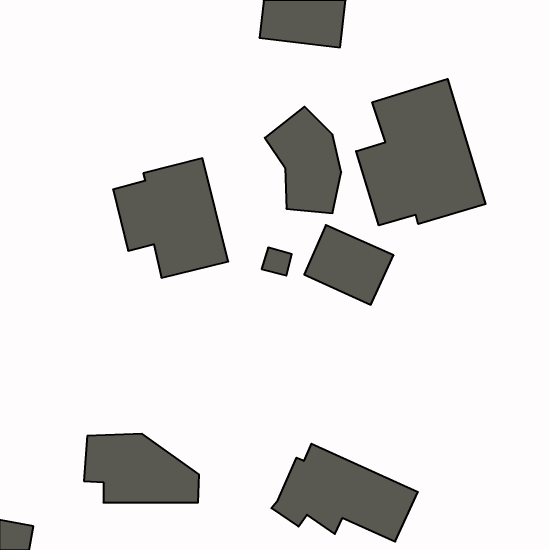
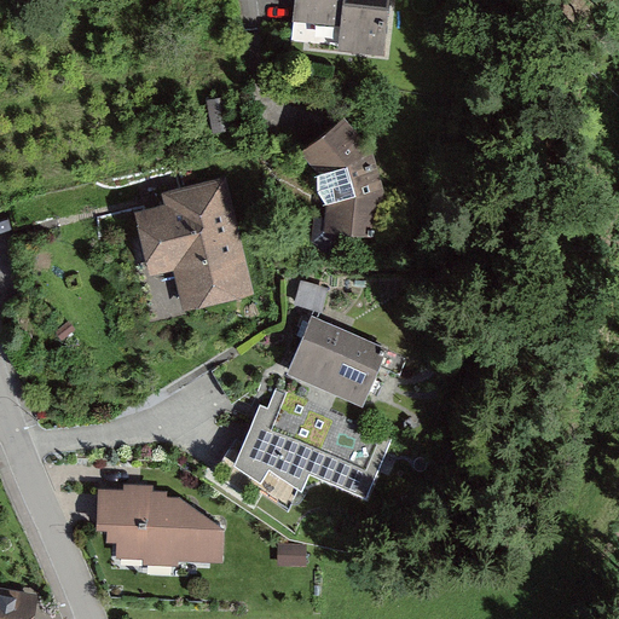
building: [356,79,486,225] -> none
building: [304,225,394,305] -> [287,312,387,401]
building: [271,444,418,542] -> [231,387,395,497]

